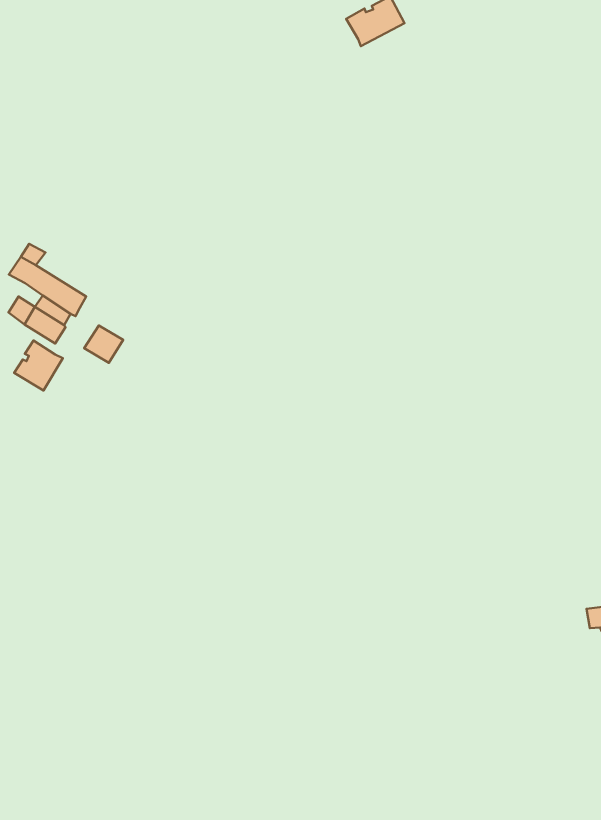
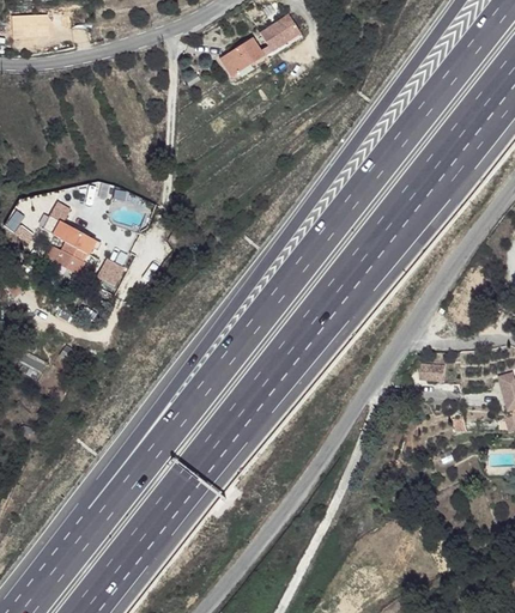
building: none -> [219,37,262,75]
building: [14,341,63,390] -> none

